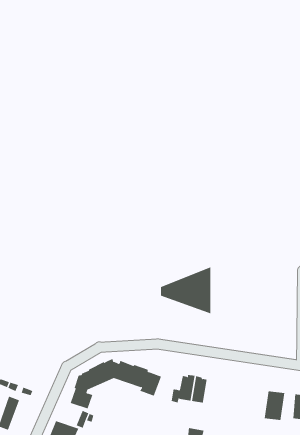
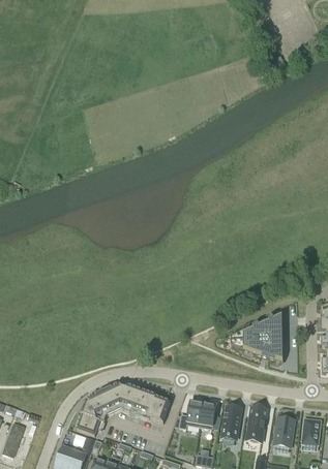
building: [160,266,211,314] -> [231,314,282,363]
building: none -> [247,406,267,439]
building: none -> [221,407,241,439]

